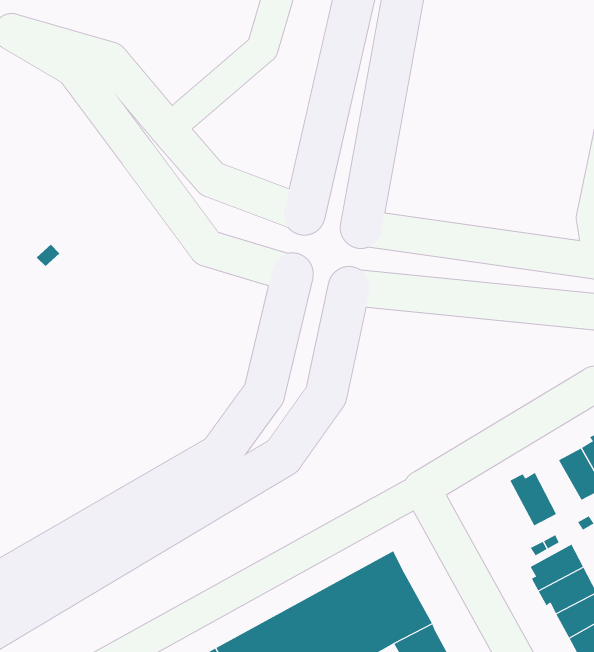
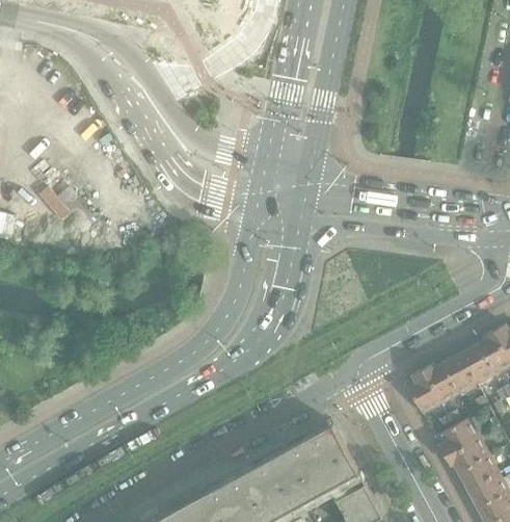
building: none -> [442,356,478,397]
building: none -> [406,371,441,421]

